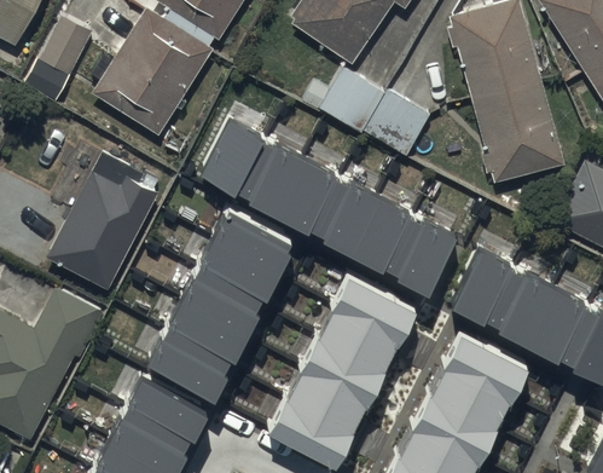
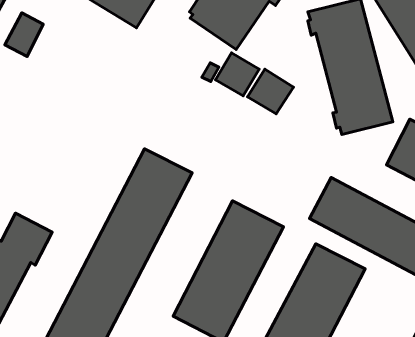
building: [92,11,211,138] -> none
building: [201,120,454,288] -> none
building: [48,154,161,292] -> none

